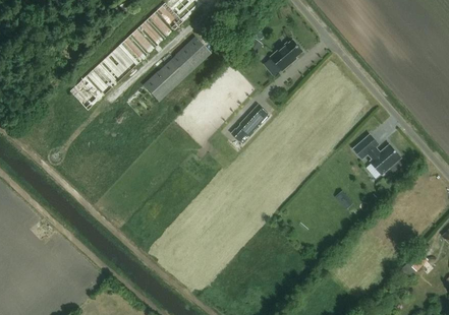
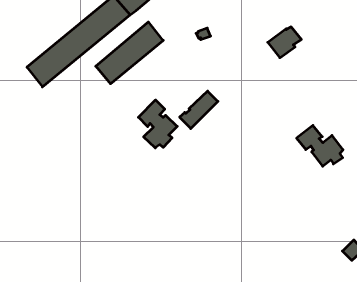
building: [270,39,304,71] -> [268,27,301,58]
building: none -> [138,100,177,148]

